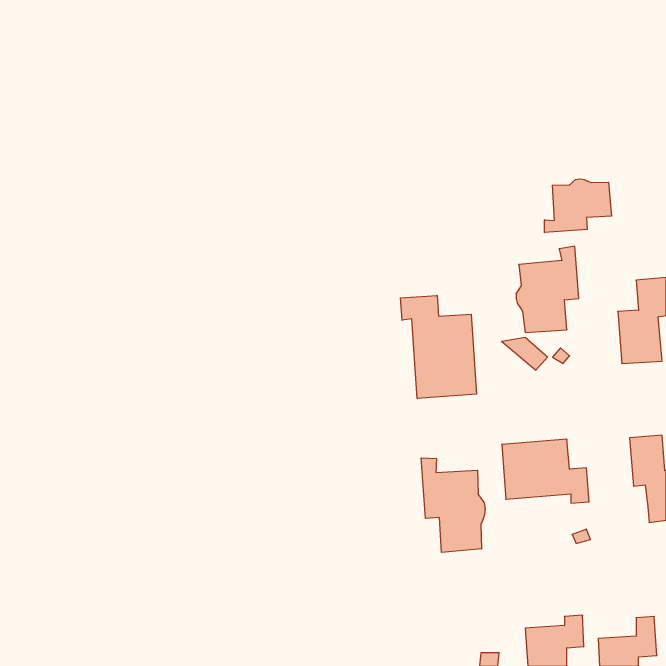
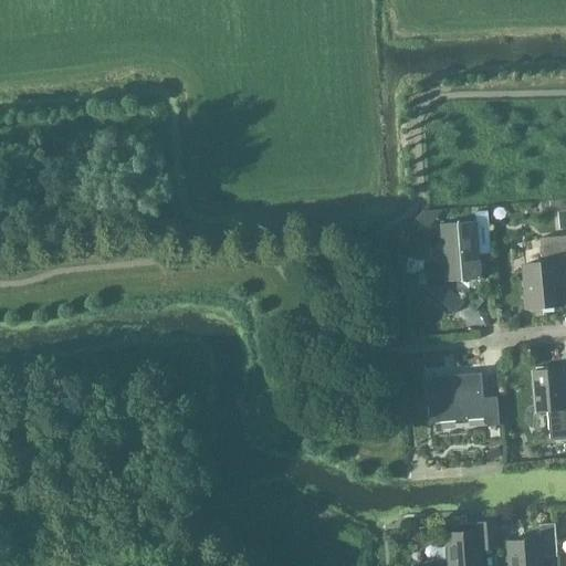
building: [544,179,611,233] -> none
building: [400,295,477,399] -> none
building: [421,458,485,552] -> none

